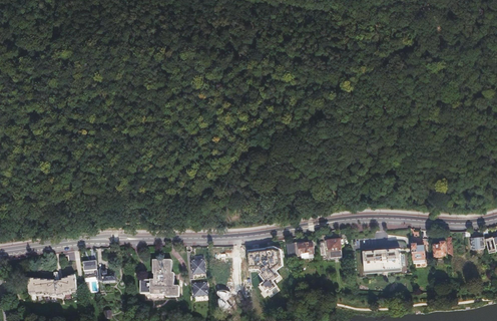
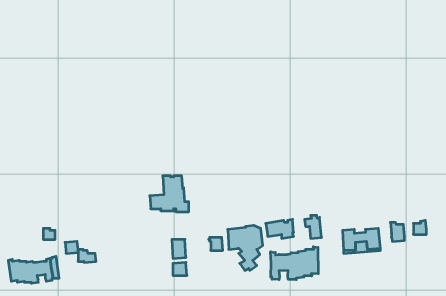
building: [139,260,178,296] -> [150,176,189,212]
building: none -> [271,247,318,280]

